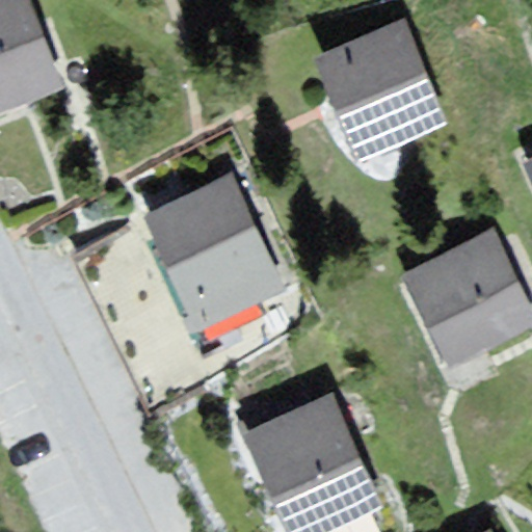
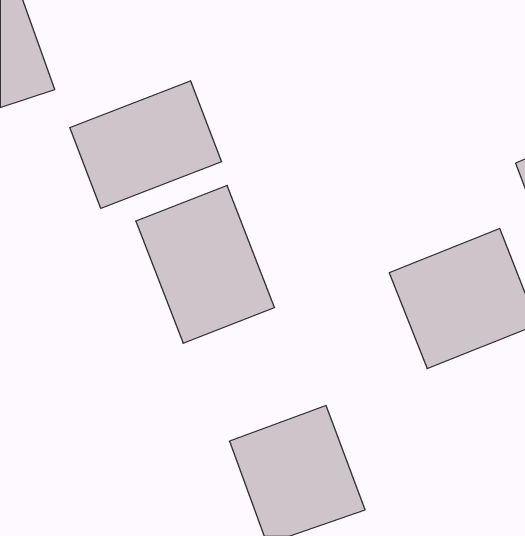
building: [310,20,450,158] -> none
building: none -> [70,81,221,208]

